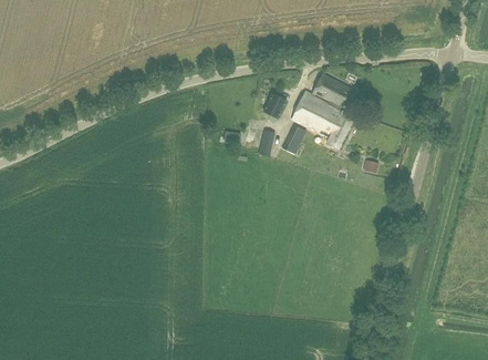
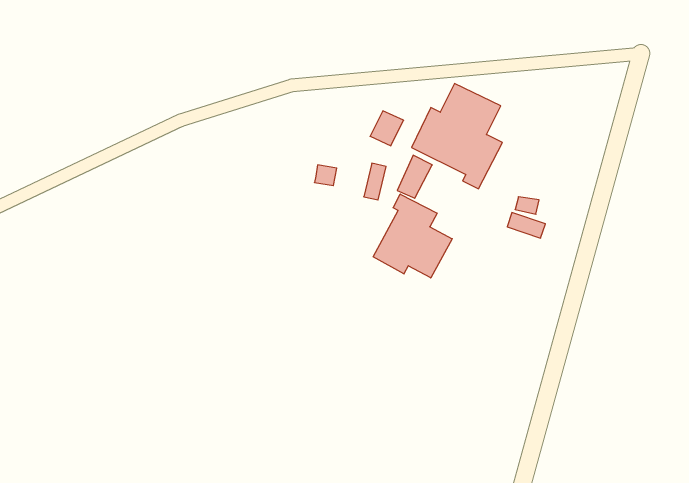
building: none -> [373,194,452,278]

